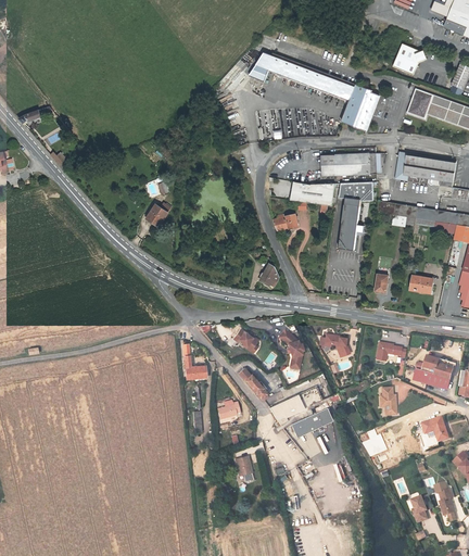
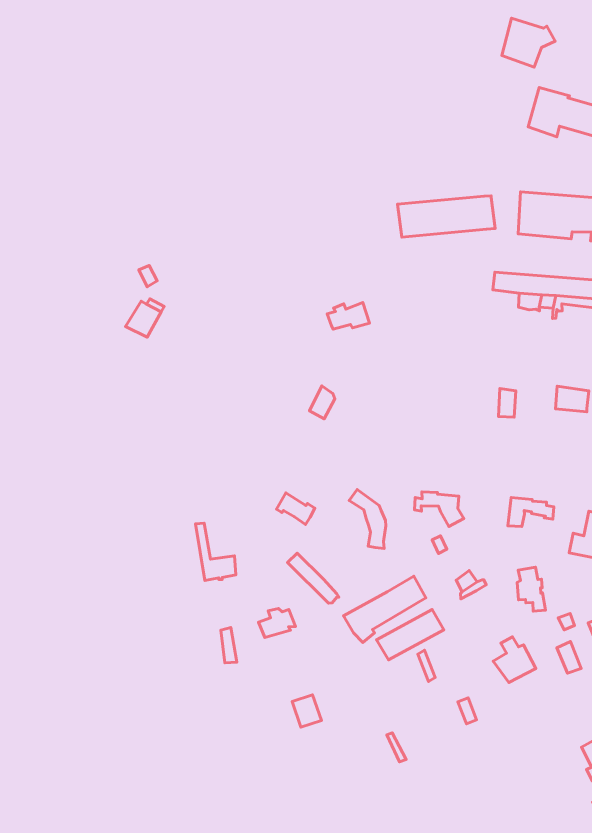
building: [248,52,379,131] -> none
building: [290,181,334,205] -> none
building: [339,182,372,251] -> none

